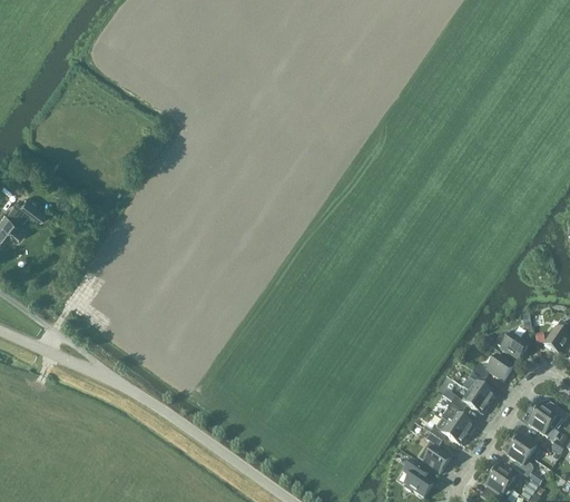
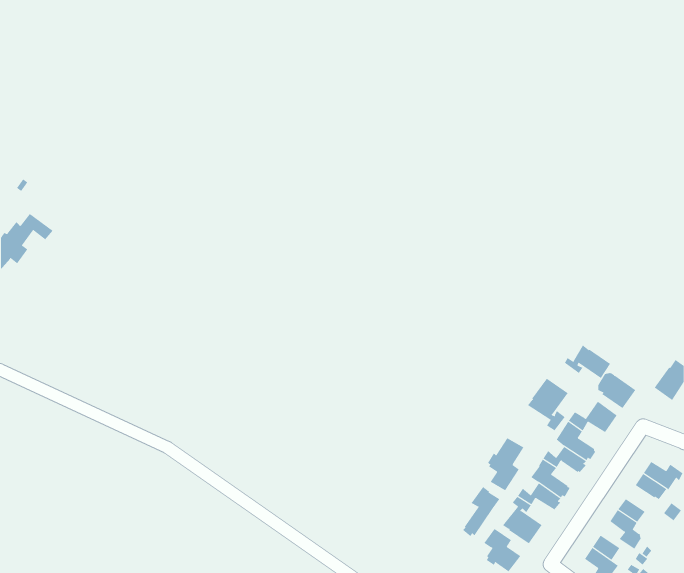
building: none -> [564,344,611,379]
building: none -> [527,378,568,431]
building: none -> [487,437,524,491]
building: none -> [462,486,500,537]

